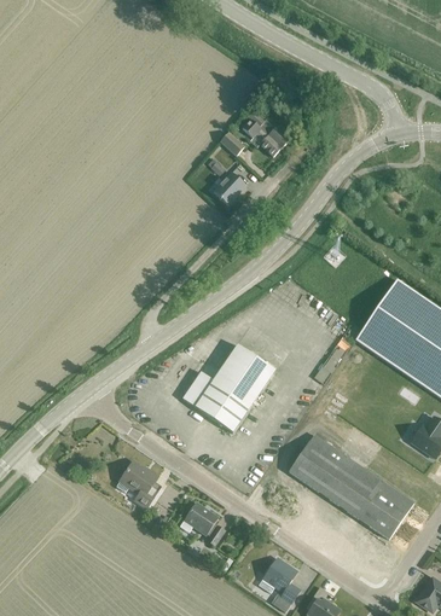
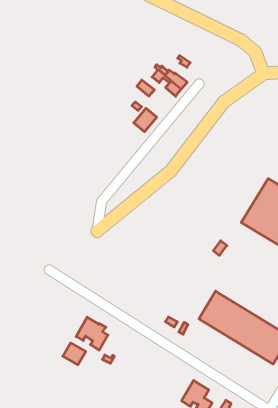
building: [182,345,275,432] -> none
building: none -> [63,343,86,365]
building: [179,502,226,546] -> none

